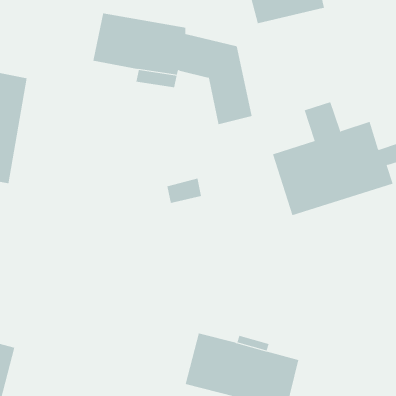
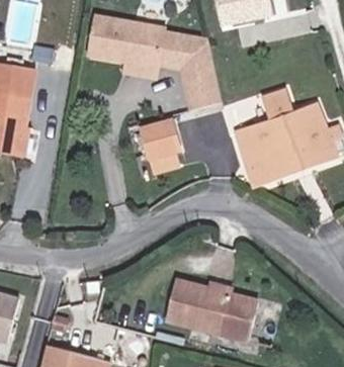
building: none -> [141,120,179,159]

